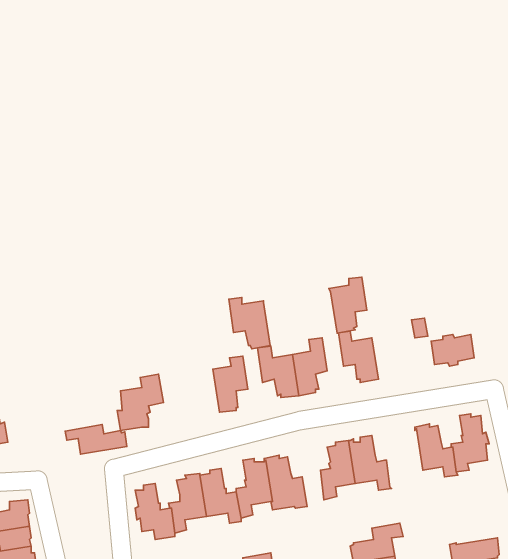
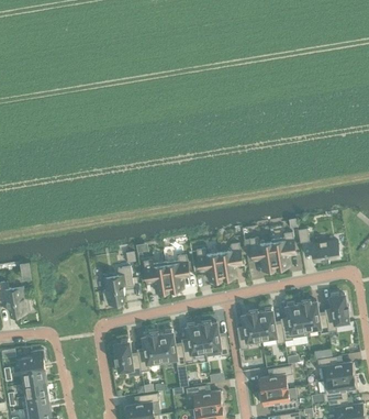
building: [329,277,367,333] -> [268,232,293,269]
building: [229,298,270,349] -> [141,260,168,294]
building: [65,425,127,454] -> none
building: none -> [278,301,304,341]
building: none -> [315,356,353,379]

